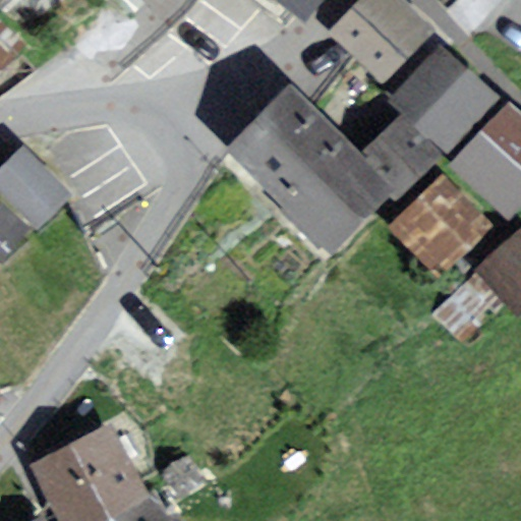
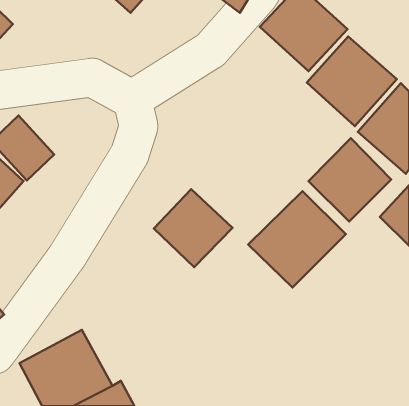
building: [224,80,437,257] -> none
building: none -> [154,189,232,267]
building: none -> [248,191,346,288]

